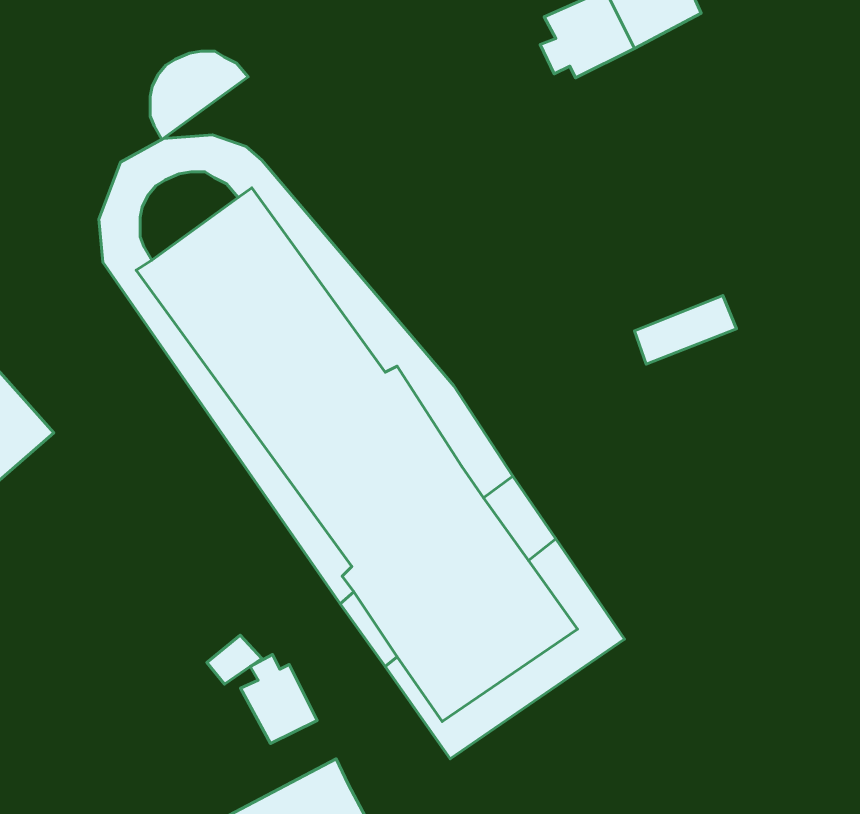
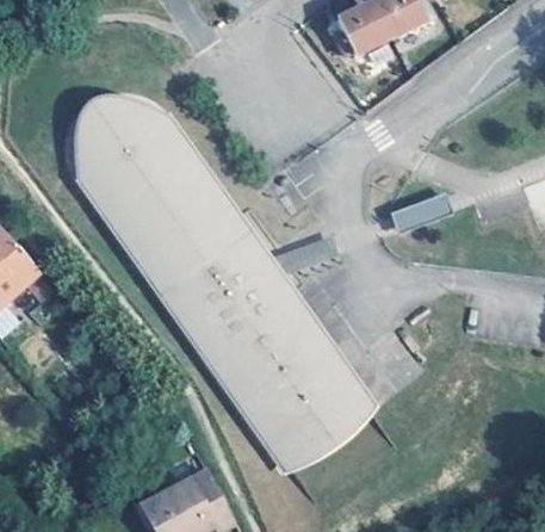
building: [150,51,248,140] -> [91,116,150,169]
building: [241,654,317,744] -> none

